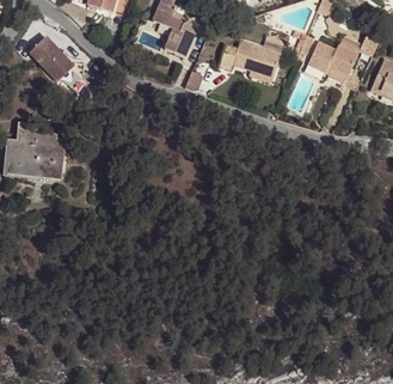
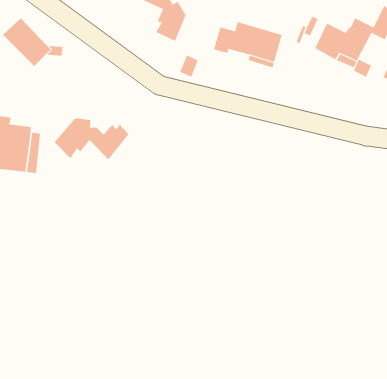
building: none -> [54,118,129,160]

